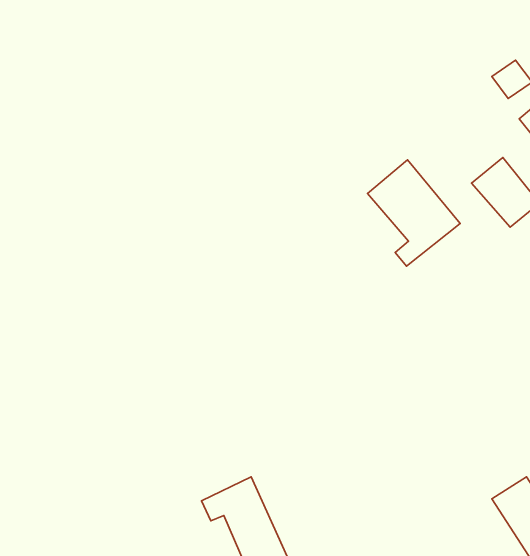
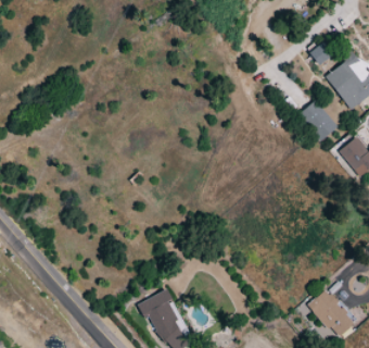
building: [367,160,460,266] -> none

